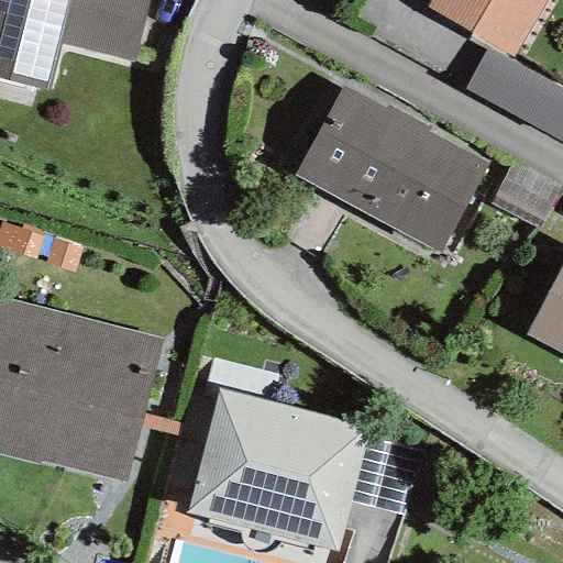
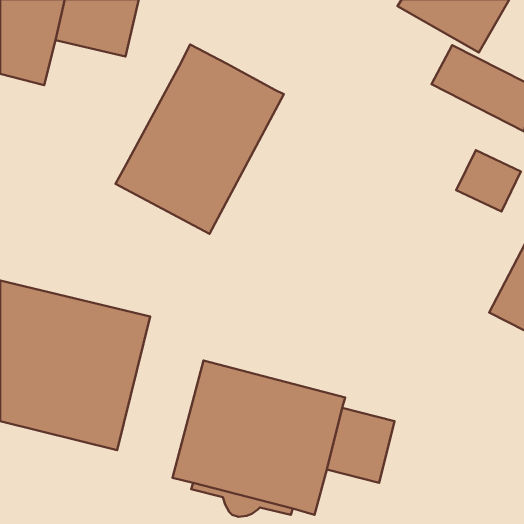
building: none -> [116,45,284,234]
building: [294,84,488,252] -> none

